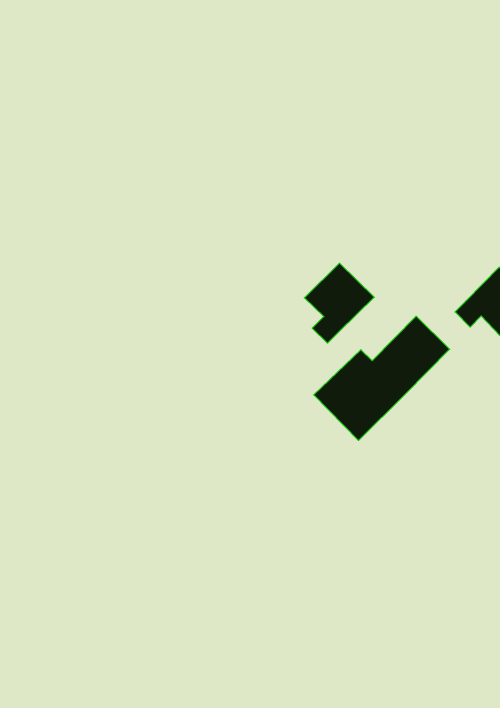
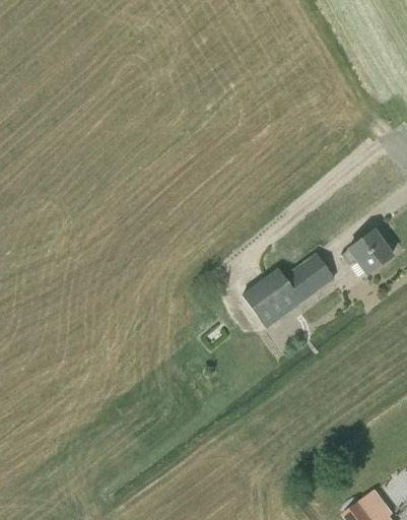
building: [304,263,374,343] -> none

